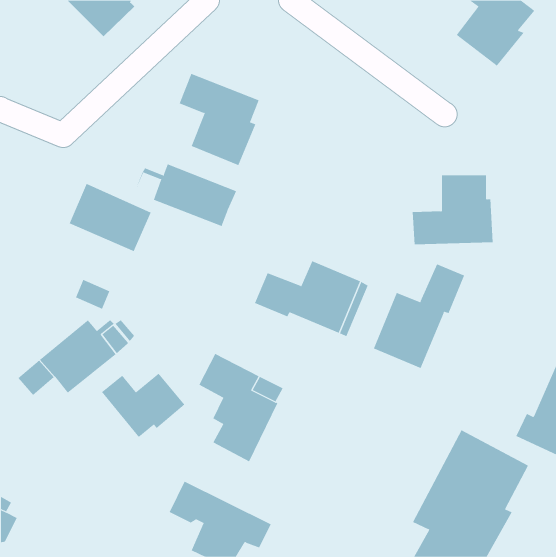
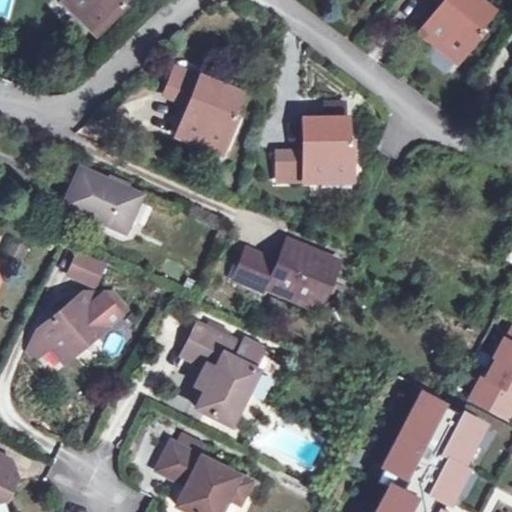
building: [134,163,237,227] -> none
building: [412,175,493,245] -> [277,117,352,181]
building: [373,264,465,369] -> none
building: [101,373,185,438] -> none

